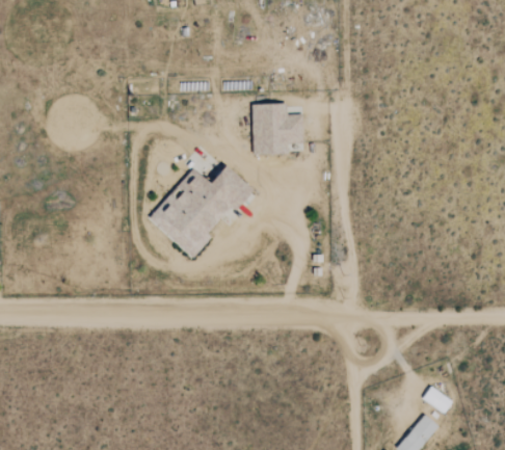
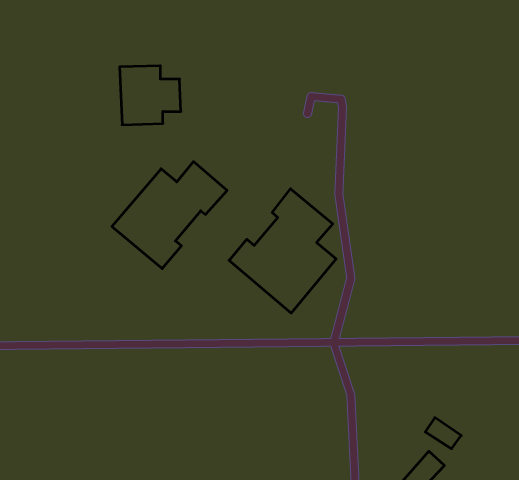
building: [250,103,303,154] -> [120,66,181,125]
building: none -> [229,189,336,313]

